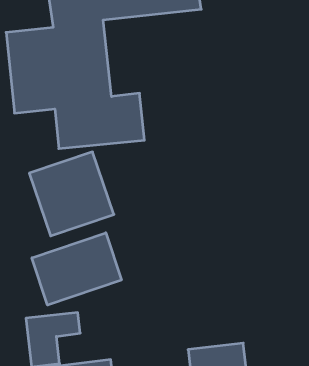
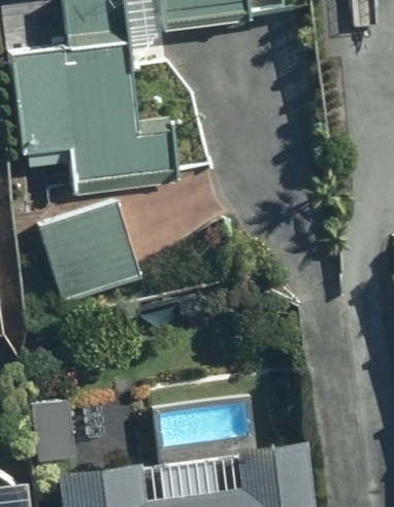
building: [32,233,121,305] -> none

